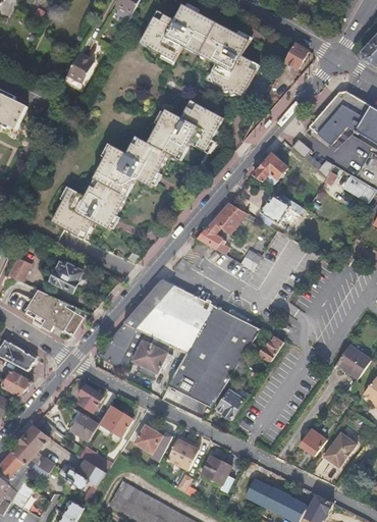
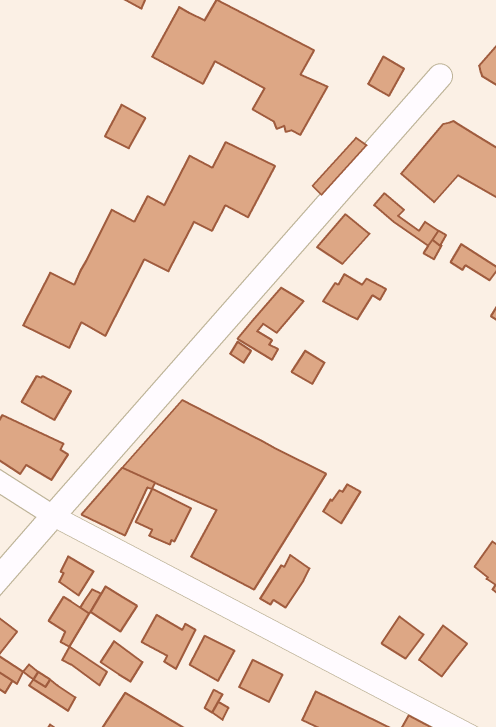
building: [67,51,95,81] -> [105,105,145,148]
building: [334,342,368,372] -> none
building: [76,458,105,485] -> [101,641,143,682]

